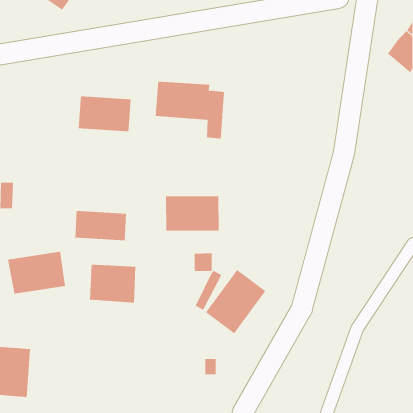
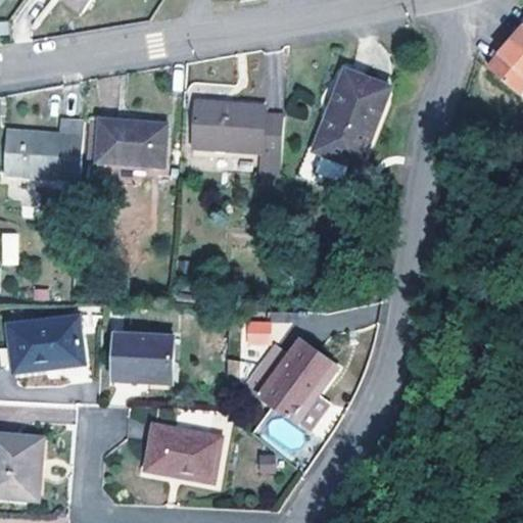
building: none -> [318,68,385,164]
building: none -> [4,117,83,178]
building: [165,195,219,232] -> none
building: [75,210,126,241] -> none
building: none -> [146,423,221,479]

